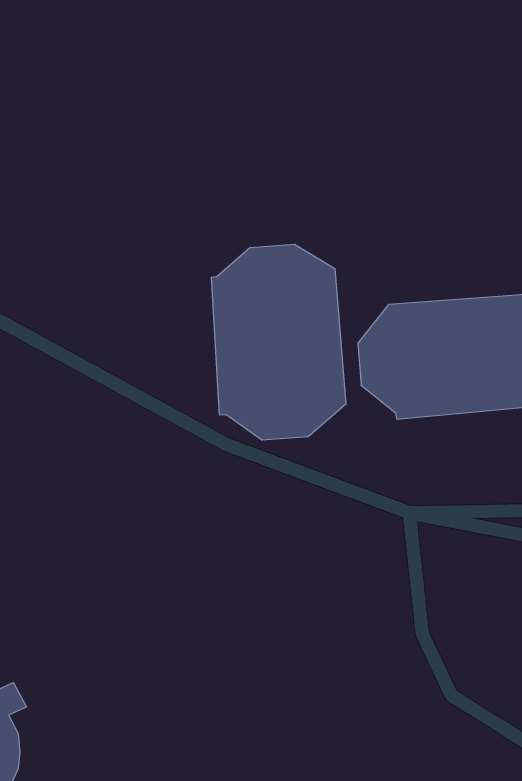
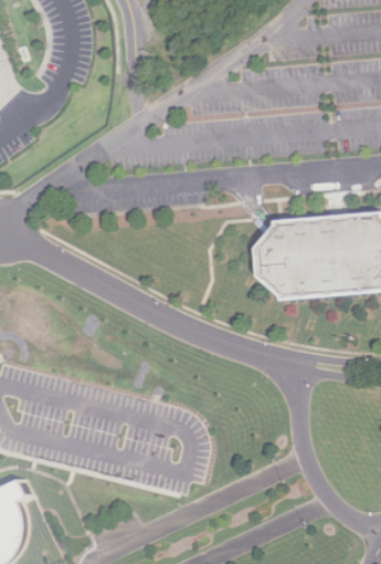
building: [212,244,346,440] -> none

